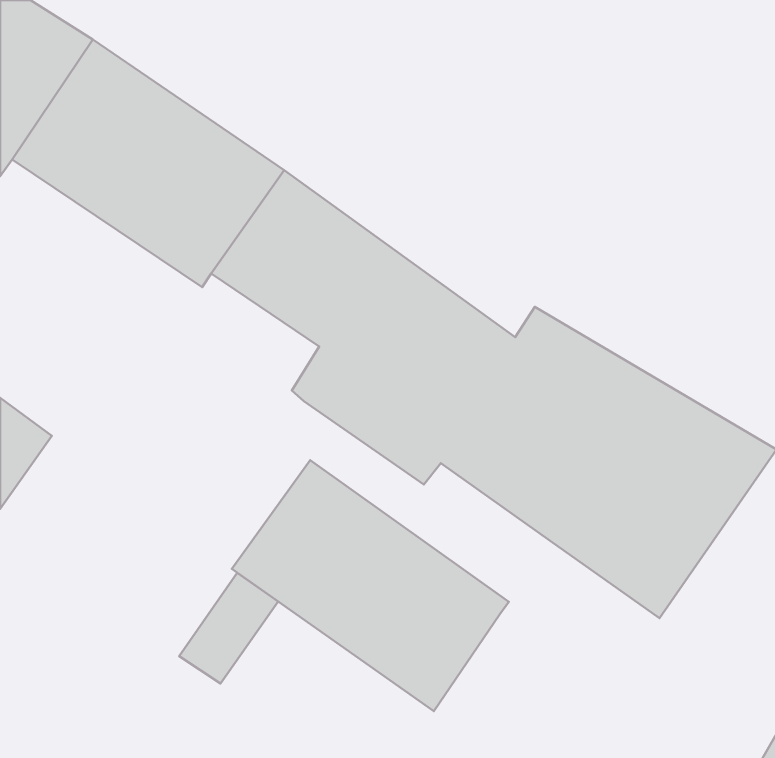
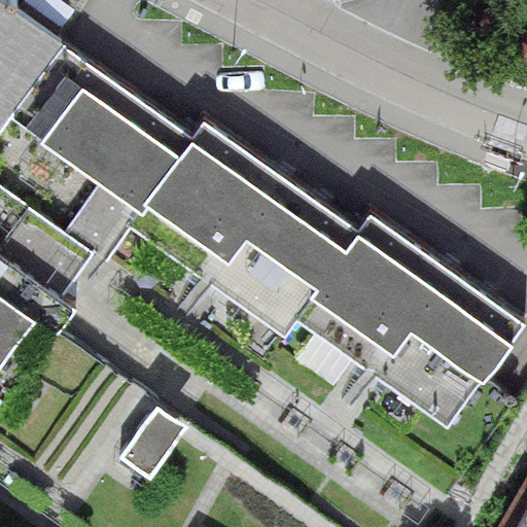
building: [232,460,509,711] -> none

